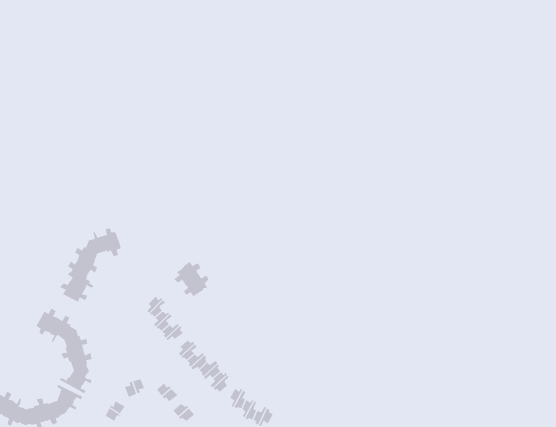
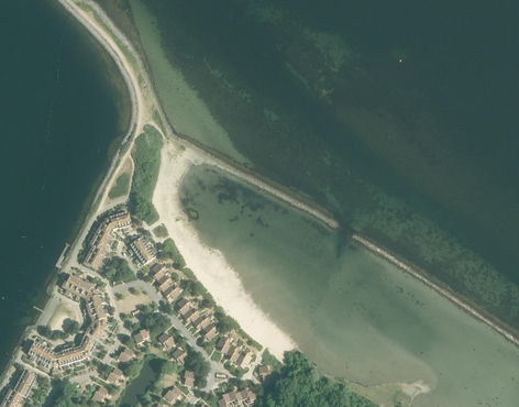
building: [174,261,210,297] -> [128,236,156,265]

